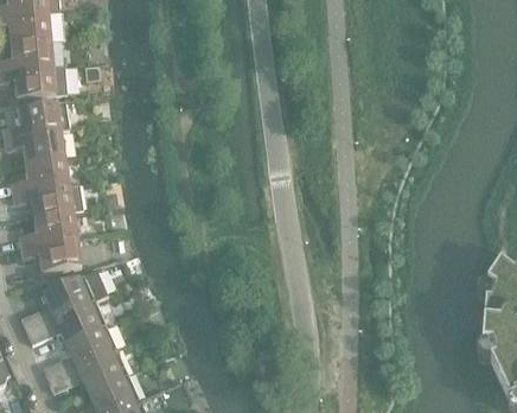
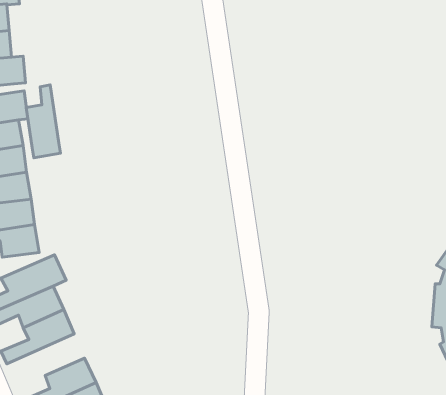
building: none -> [26,85,61,158]
building: [47,348,127,392] -> none

